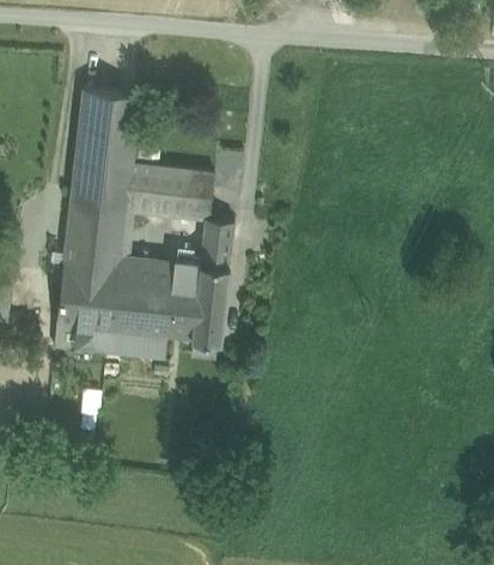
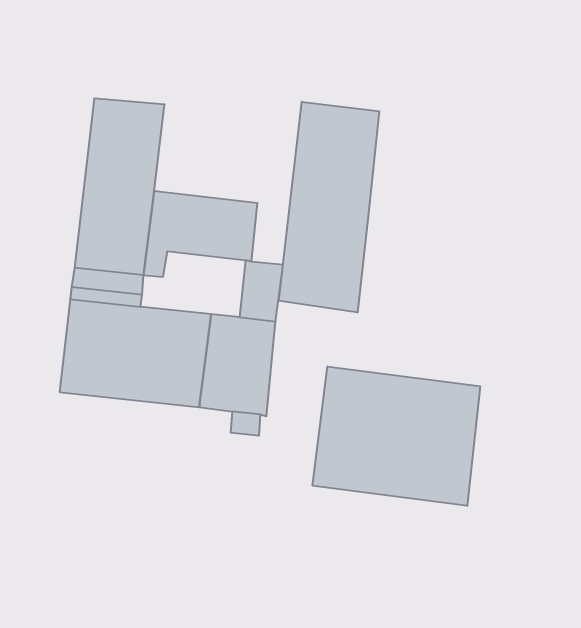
building: none -> [279,102,379,313]
building: none -> [313,366,480,506]
building: [54,322,167,359] -> none

